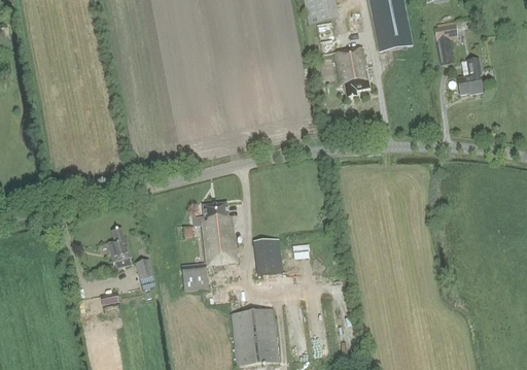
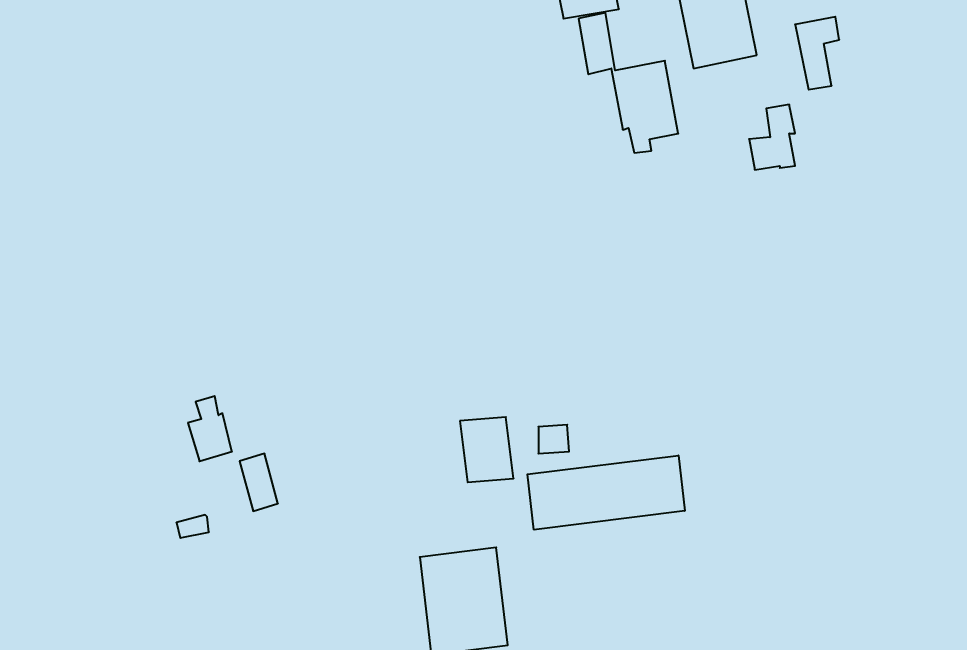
building: [457,58,482,93] -> [749,105,795,170]
building: [182,202,238,290] -> none
building: none -> [527,455,685,530]

